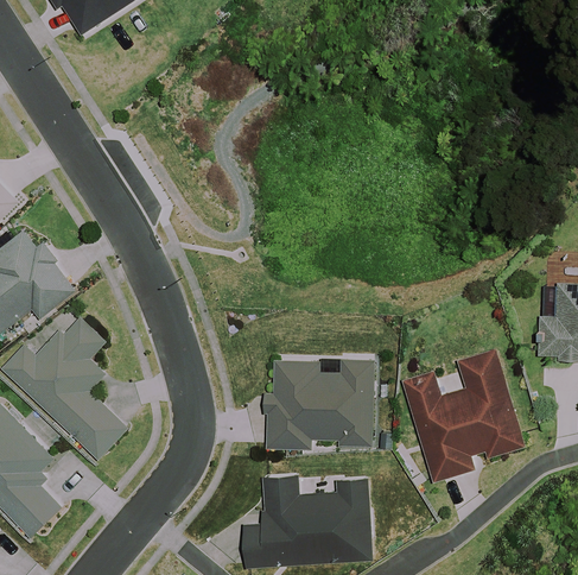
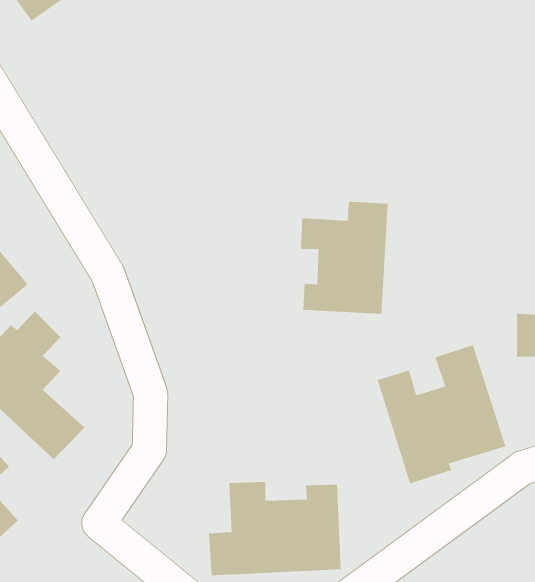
building: none -> [301,201,388,315]
building: [265,359,374,451] -> none

